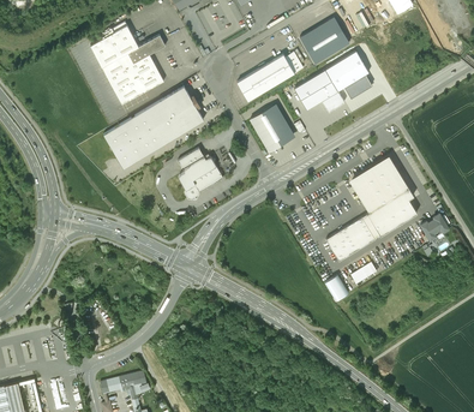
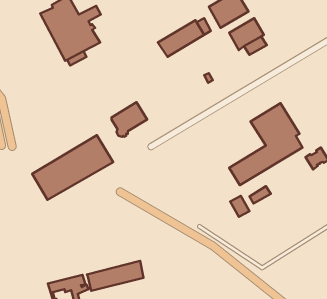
building: [294,70,344,112] -> none
building: [103,86,204,167] -> [32,135,113,200]
building: [250,106,292,151] -> none
building: none -> [87,261,143,291]

